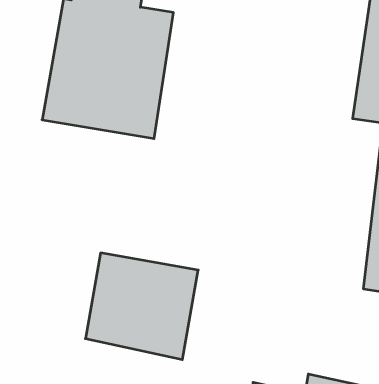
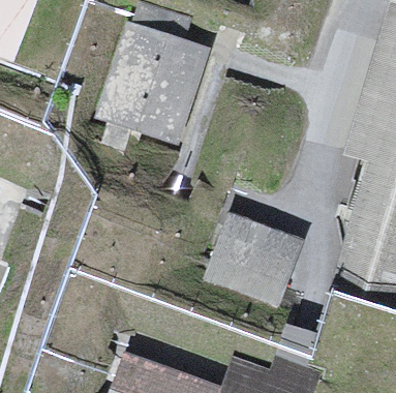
building: [85,253,198,360] -> [203,212,302,308]

